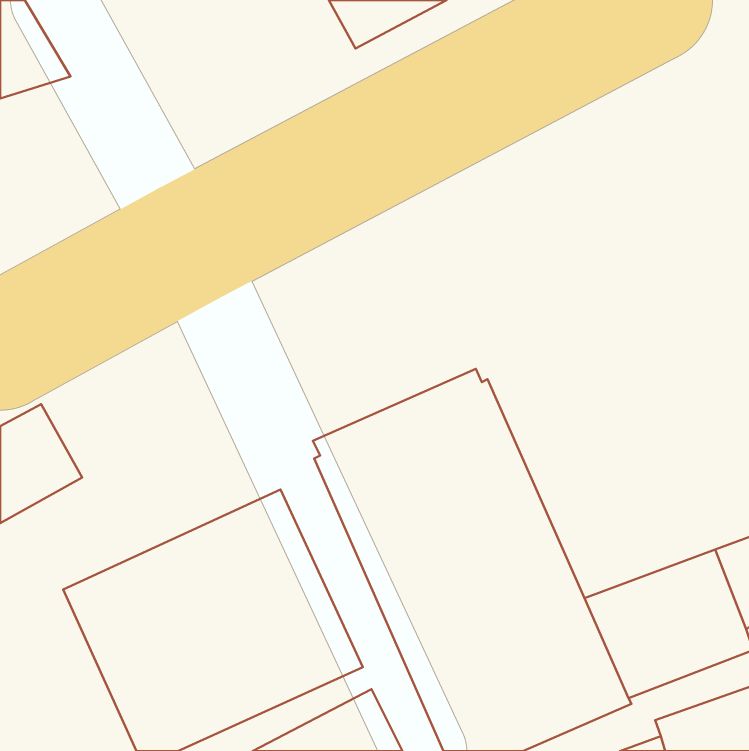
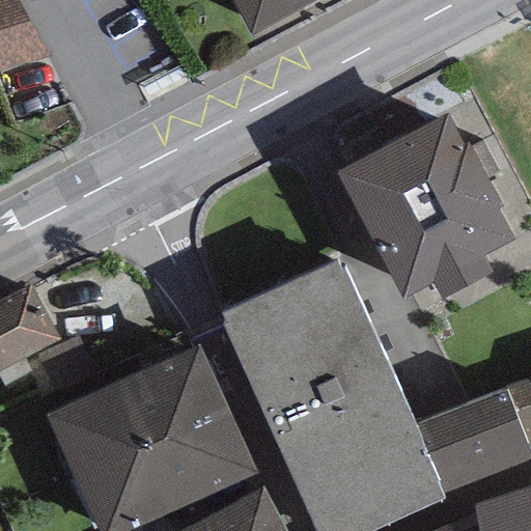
building: none -> [338,113,513,298]

